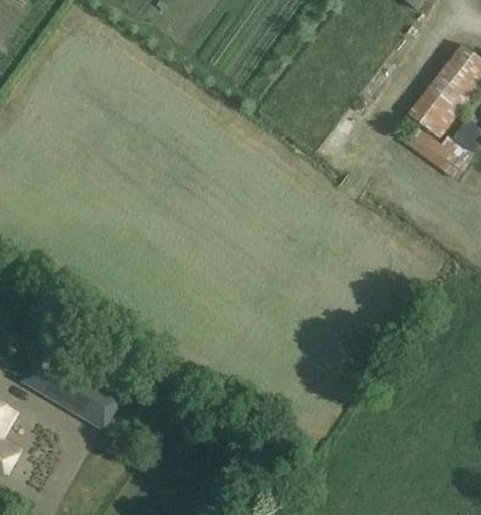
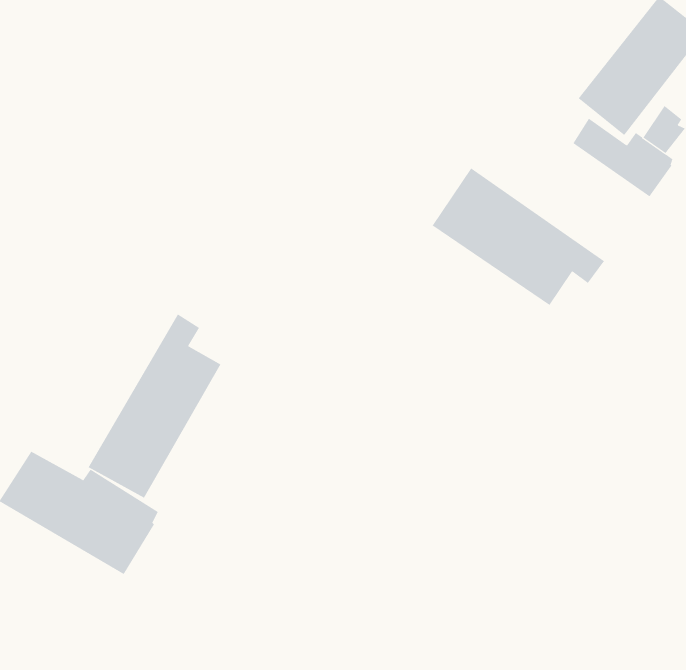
building: none -> [432,167,605,306]
building: none -> [88,314,221,499]

